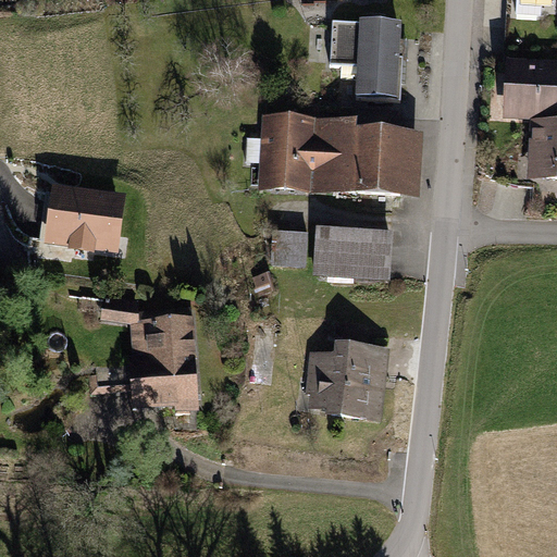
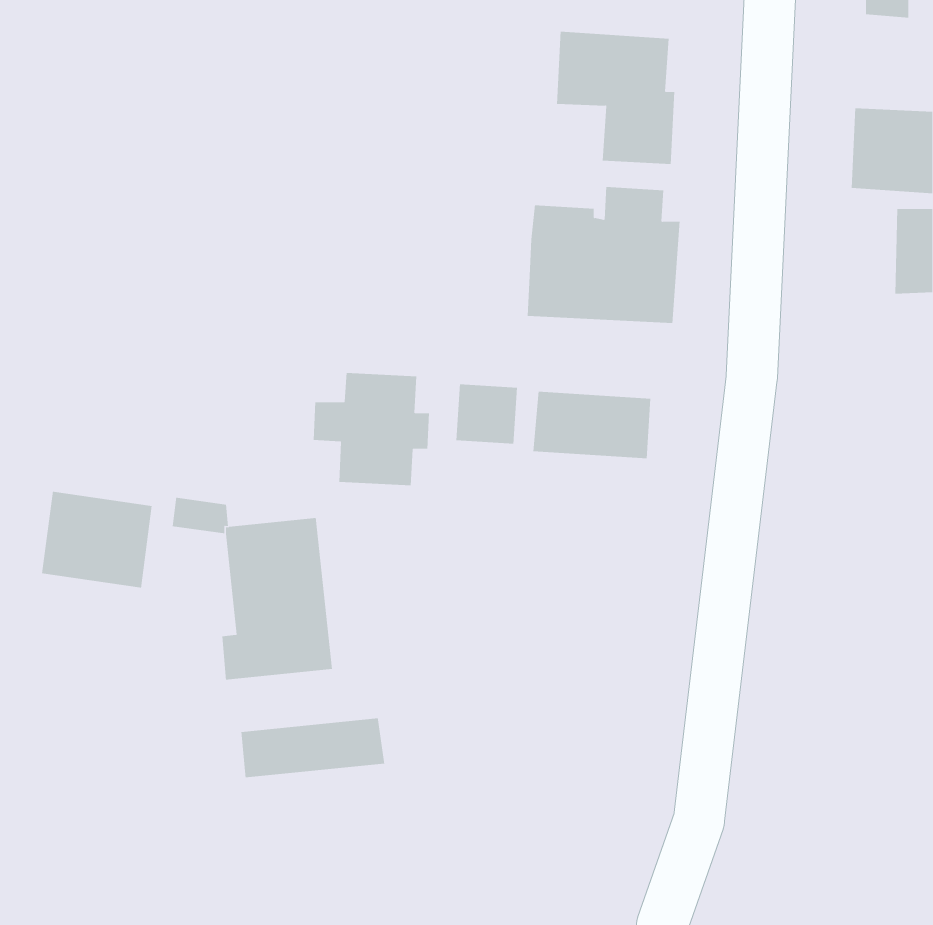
building: [246,119,315,186] -> [313,372,430,486]
building: [53,188,120,246] -> [41,491,153,588]
building: [311,347,384,416] -> none
building: none -> [241,717,385,778]

